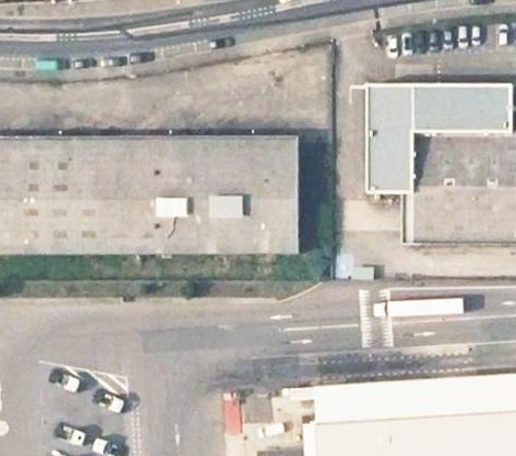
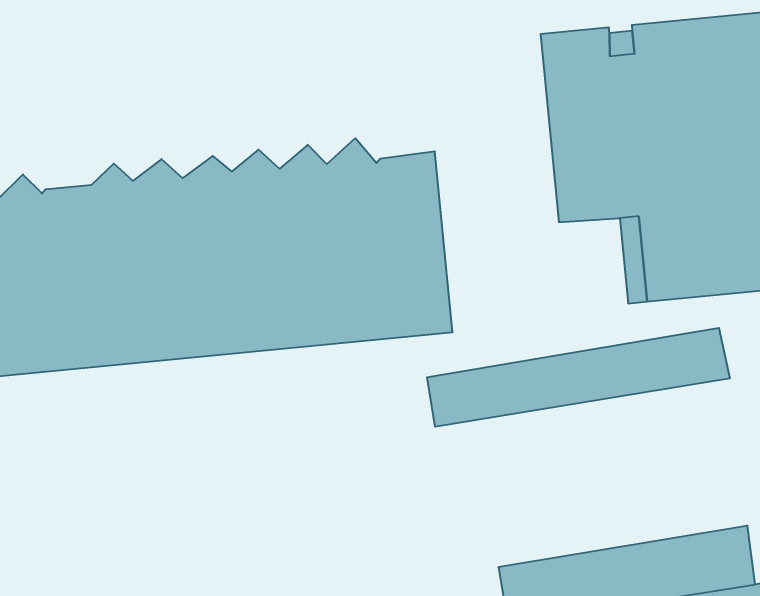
building: none -> [427,328,730,427]

